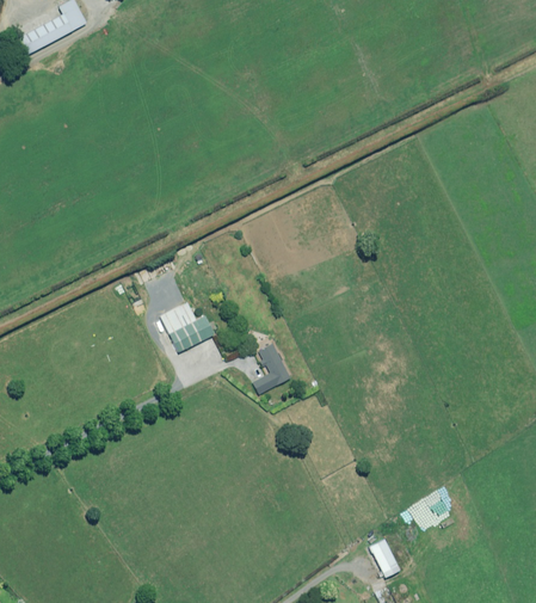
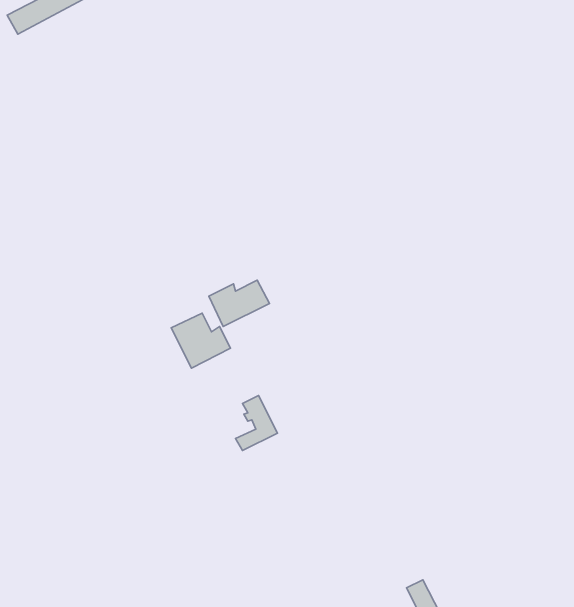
building: none -> [209,280,269,327]
building: [253,344,290,393] -> [236,395,277,451]

